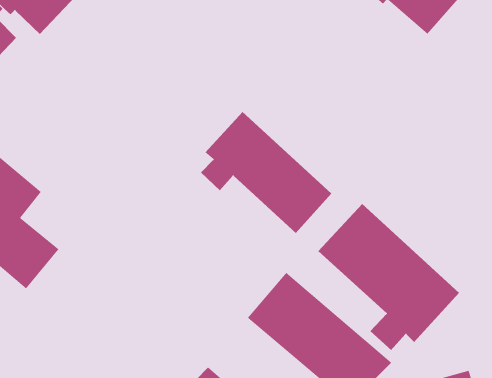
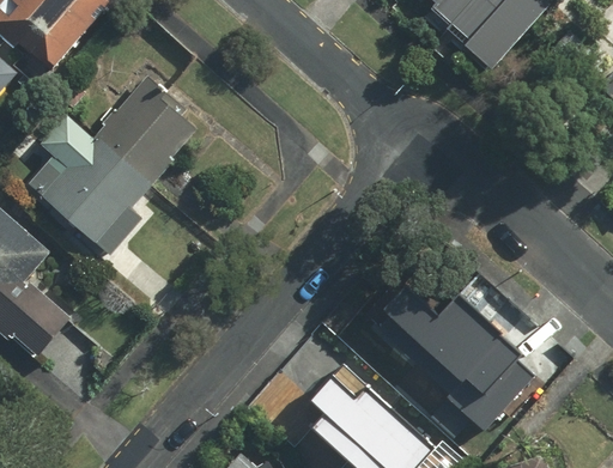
building: none -> [28,79,199,255]
building: [200,111,332,234] -> none

